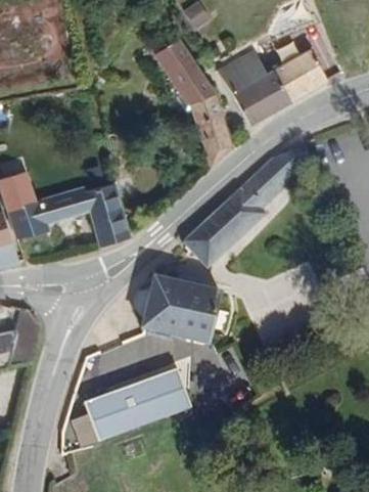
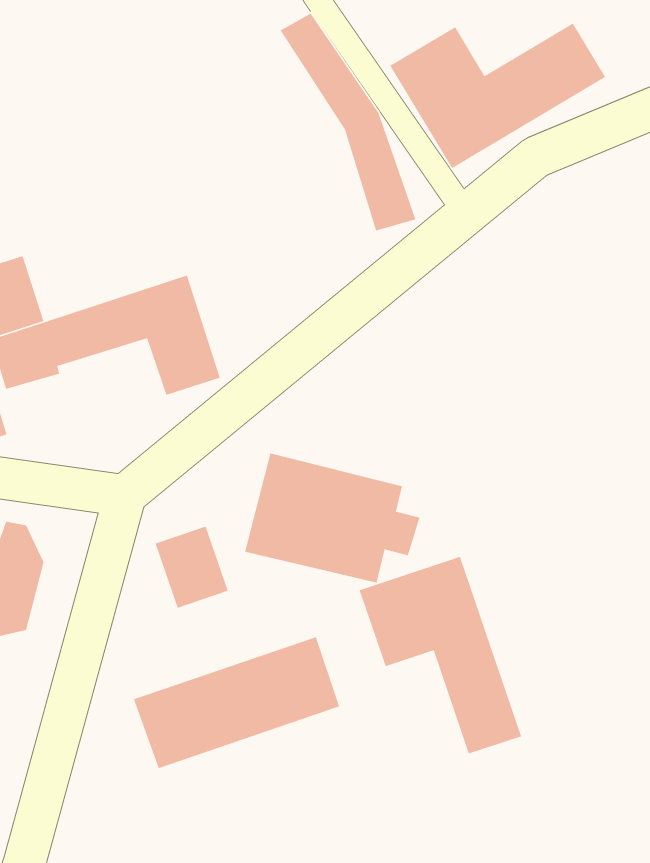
building: [182,151,297,266] -> none
building: none -> [155,526,229,609]
building: none -> [358,556,522,755]

